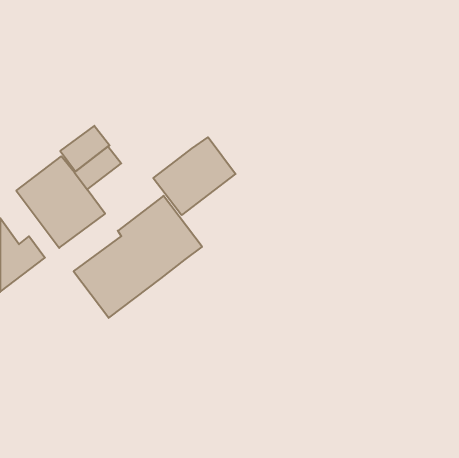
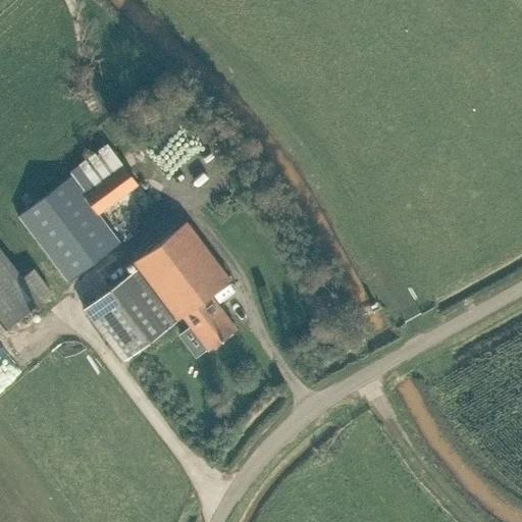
building: [153,137,236,215] -> none
building: none -> [182,296,236,351]

